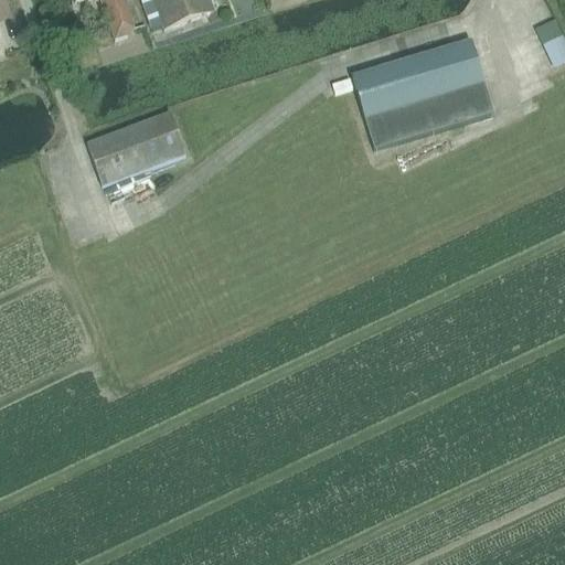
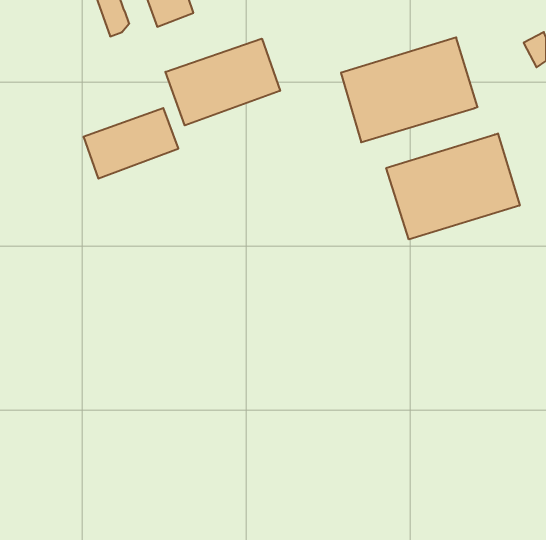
building: none -> [165,39,280,125]
building: none -> [386,133,520,239]

